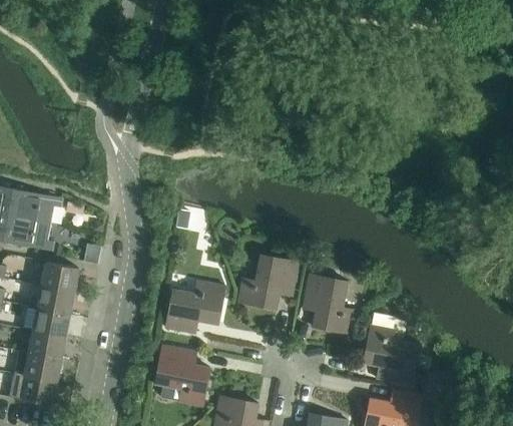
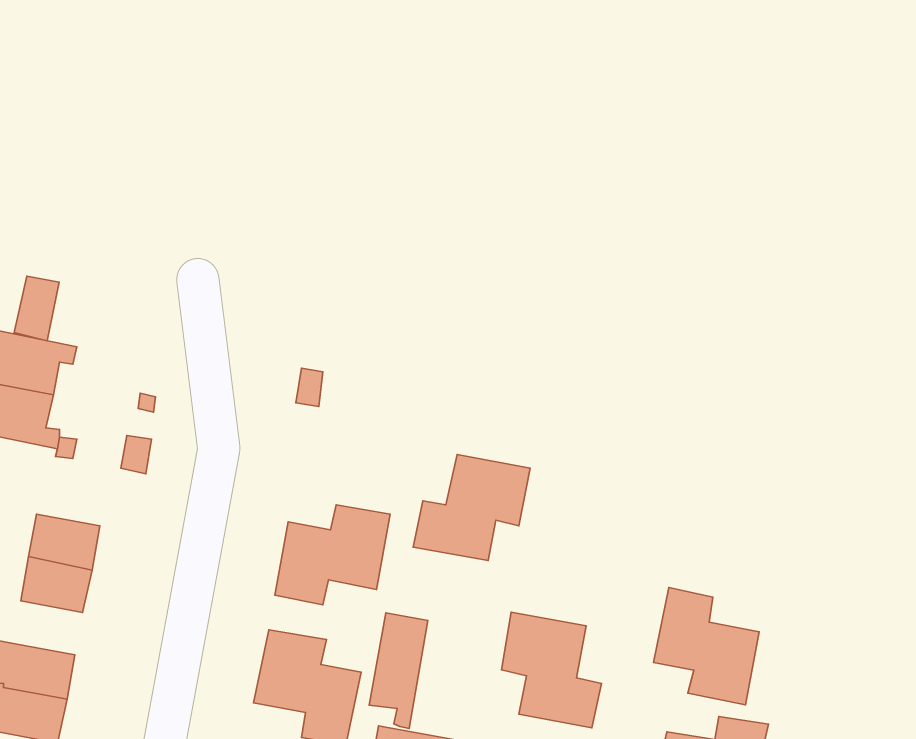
building: none -> [14,276,59,341]
building: [41,262,78,292] -> none
building: [304,274,356,334] -> [501,612,601,728]
building: [28,331,65,359] -> none
building: none -> [369,613,428,729]

